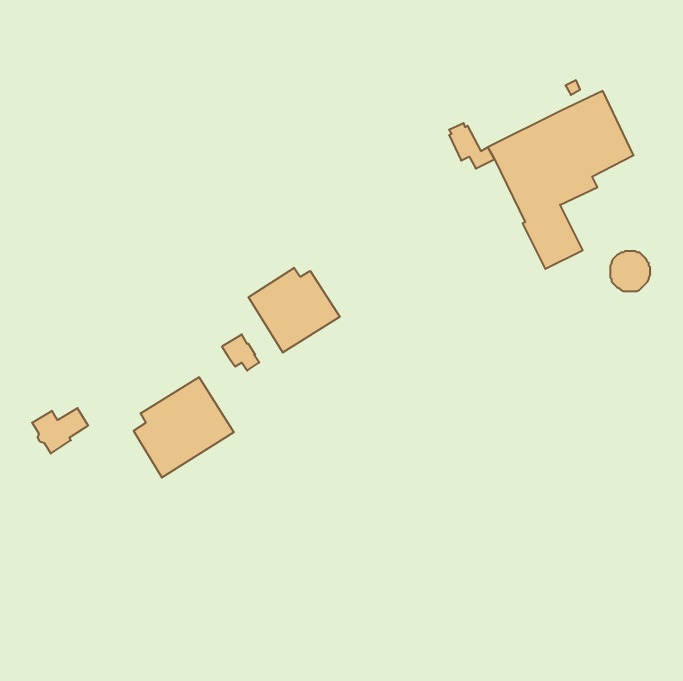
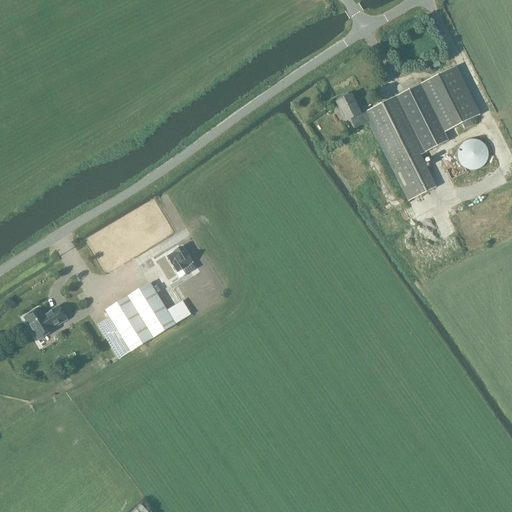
building: [610,251,650,291] -> [458,138,488,168]
building: [248,268,340,353] -> none

